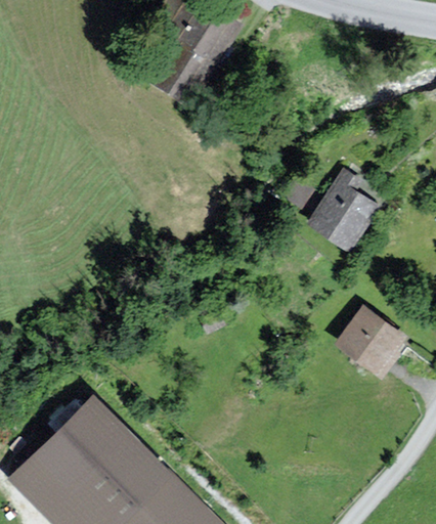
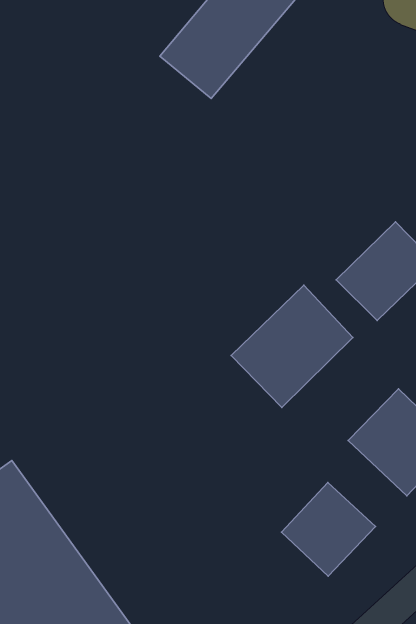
building: none -> [231,285,353,408]
building: none -> [282,483,375,576]

